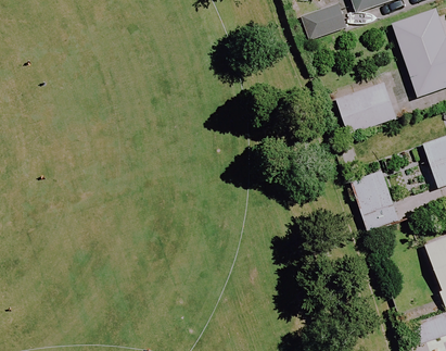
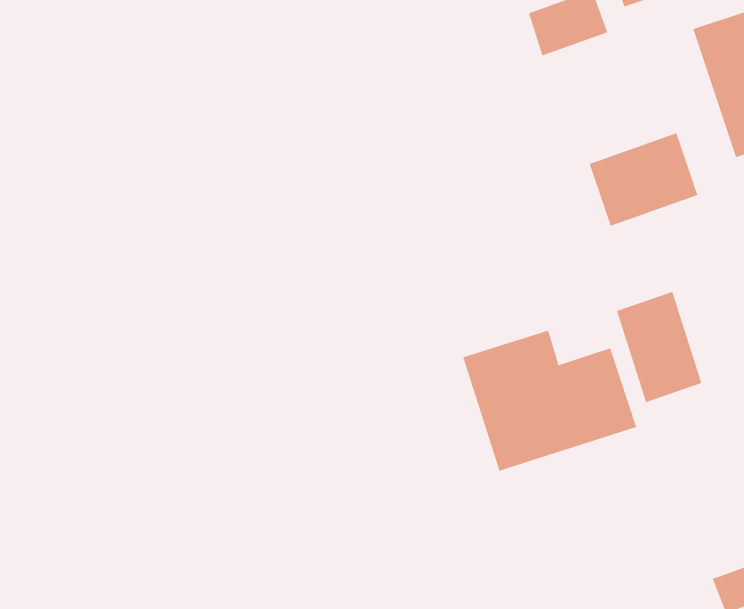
building: none -> [462,330,637,472]

